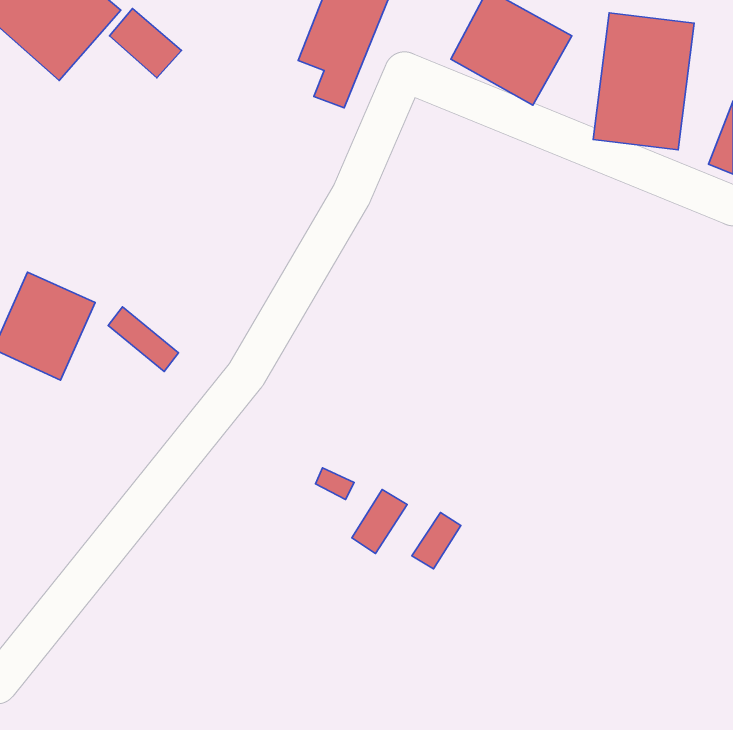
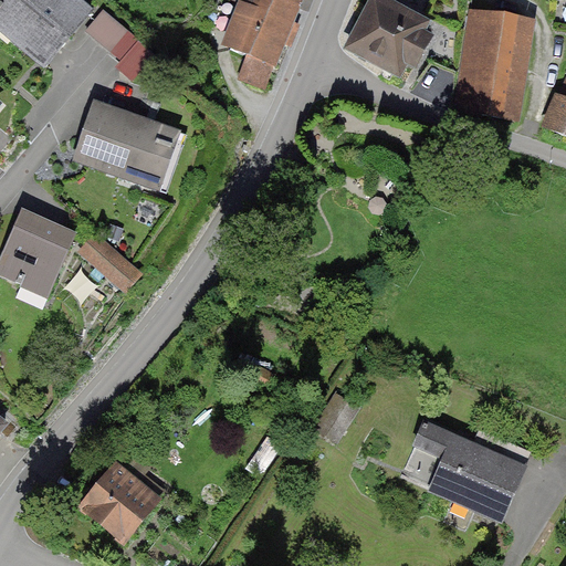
building: none -> [76,99,177,184]
building: [352,490,407,553] -> none
building: none -> [413,419,531,514]
building: none -> [78,462,161,545]

